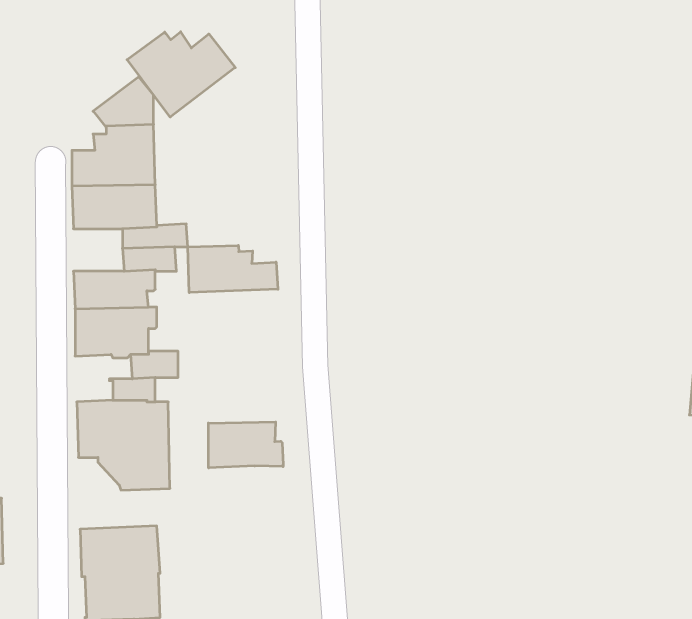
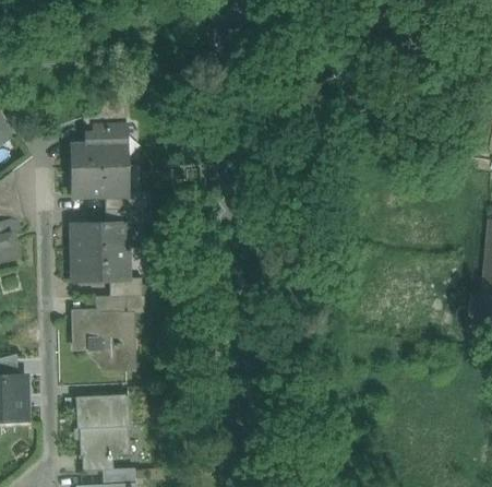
building: [127,32,235,117] -> none
building: [188,245,278,293] -> none
building: [208,422,283,468] -> none

